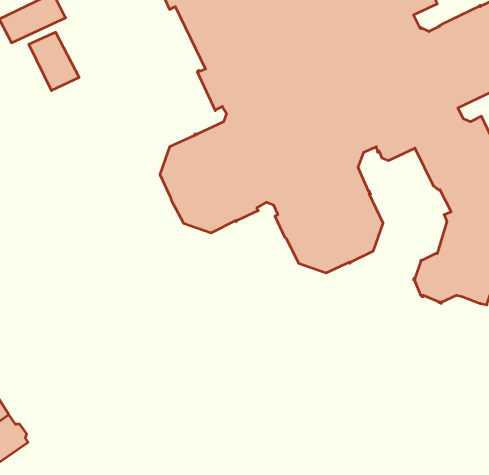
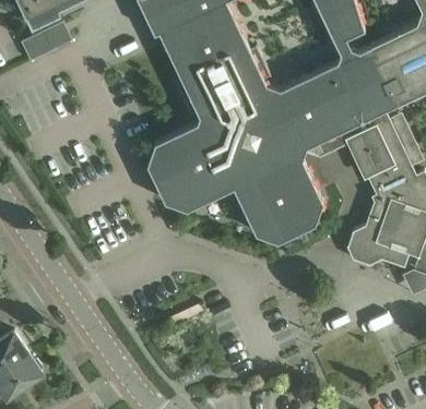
building: [29,32,79,91] -> none

